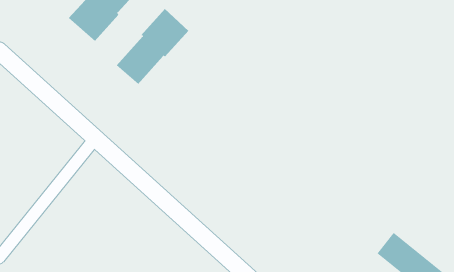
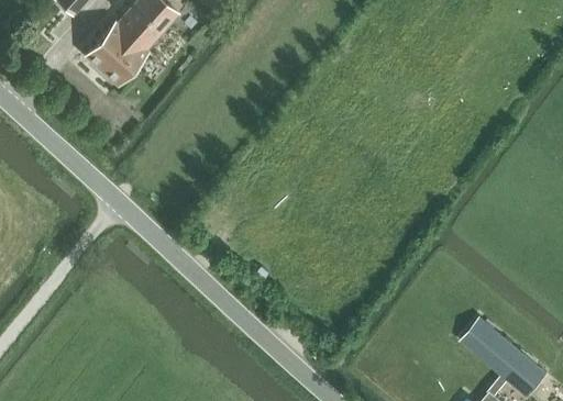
building: [116,8,189,85] -> none

